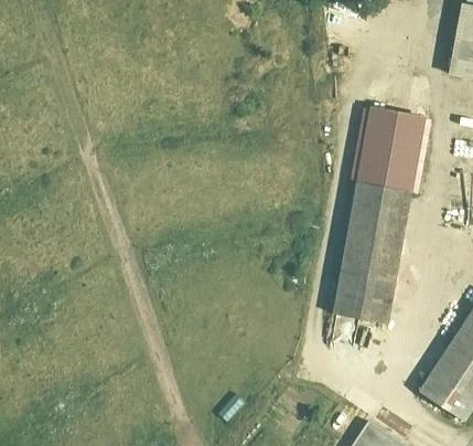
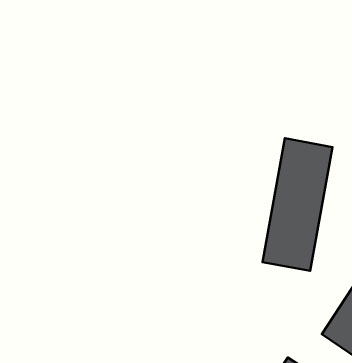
building: [362,107,428,185] -> none

